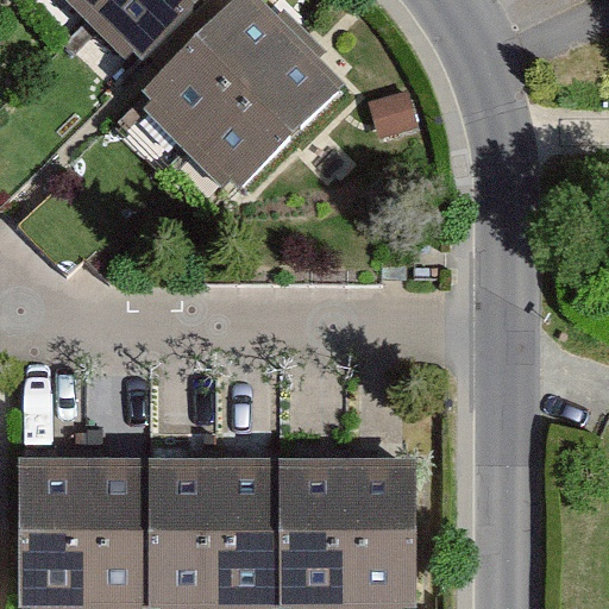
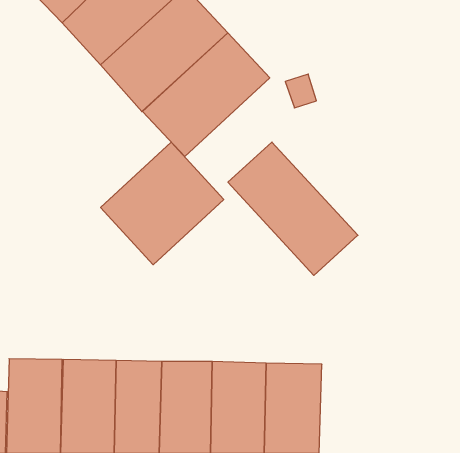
building: none -> [101,142,224,265]
building: none -> [228,142,358,275]

